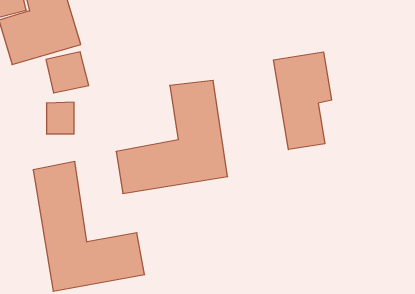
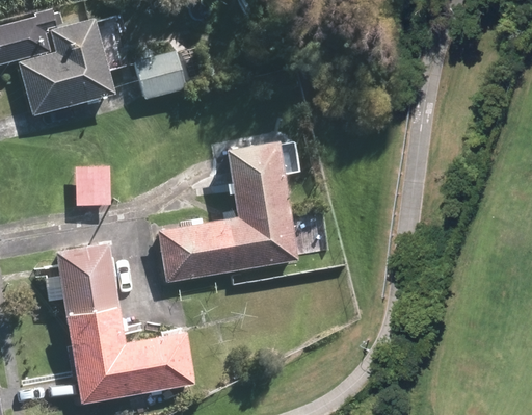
building: [274,52,332,150] -> none
building: [46,52,89,93] -> [132,48,185,99]

